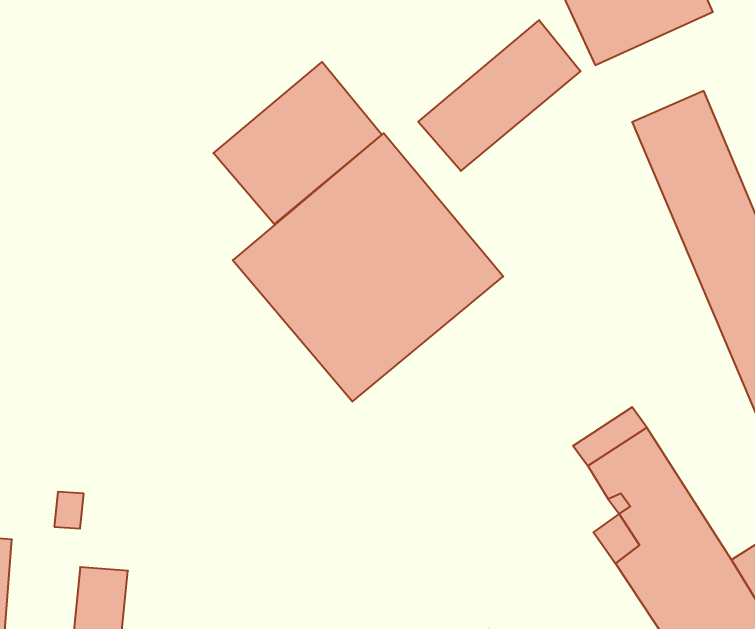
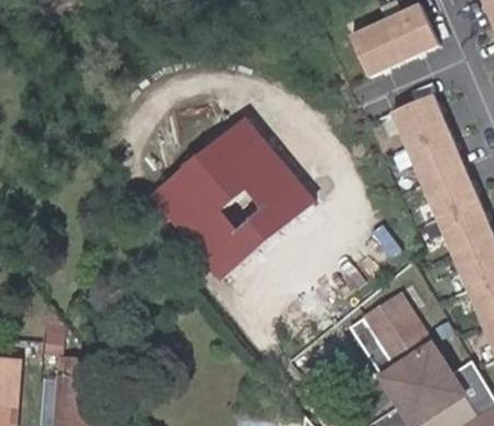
building: [418,20,581,171] -> none
building: [213,62,382,224] -> none

